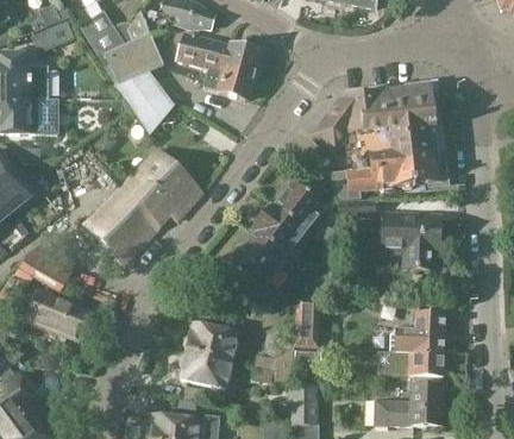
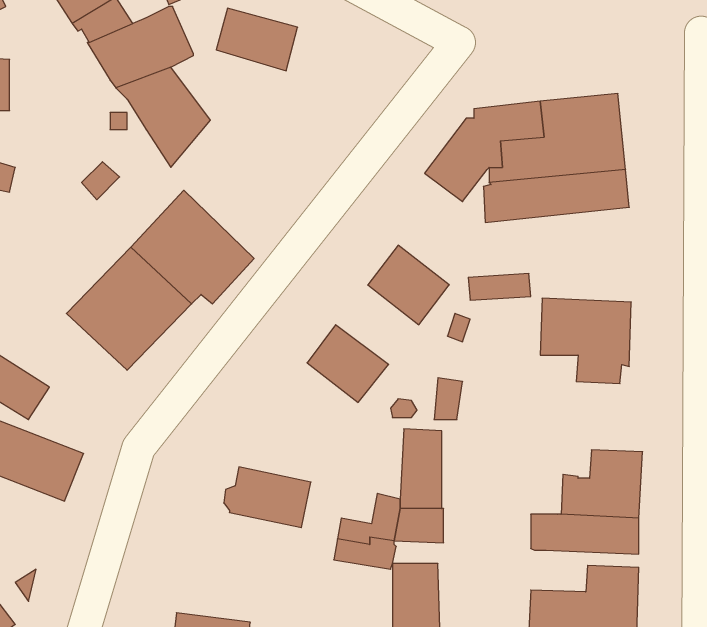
building: [219,44,261,100] -> none
building: [331,158,440,200] -> none
building: [251,205,306,257] -> none
building: [178,350,232,387] -> none

